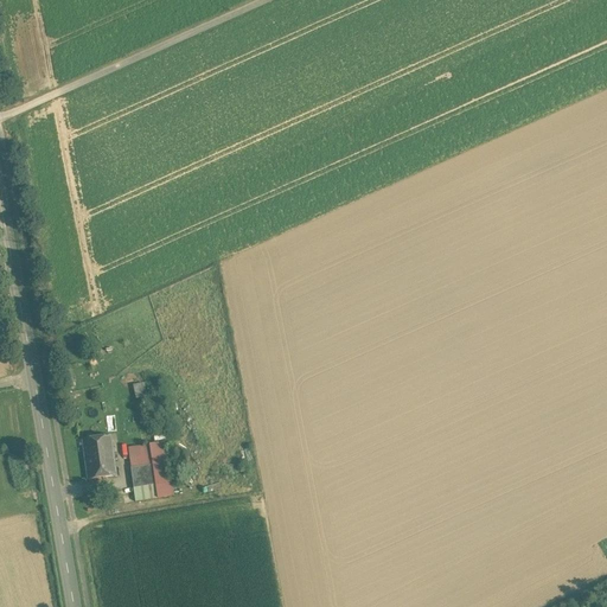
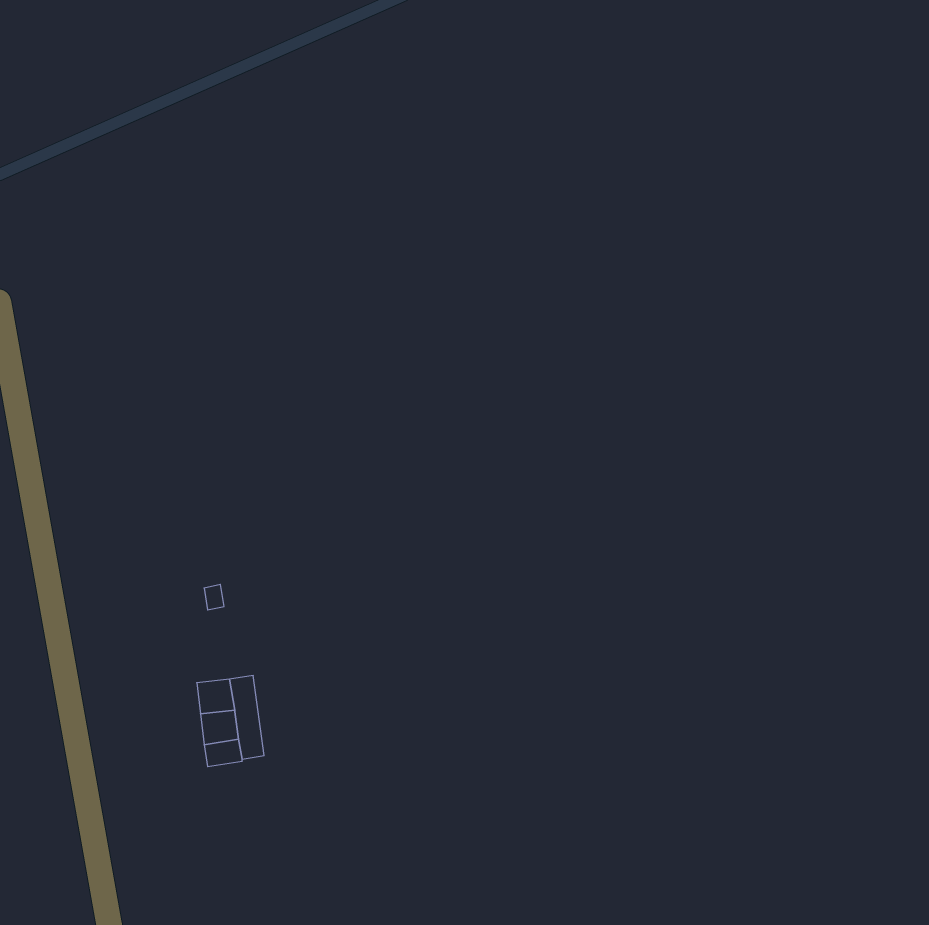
building: [83,433,115,477] -> none

